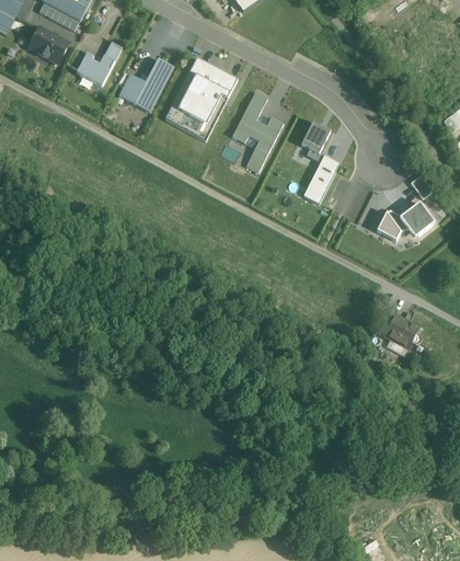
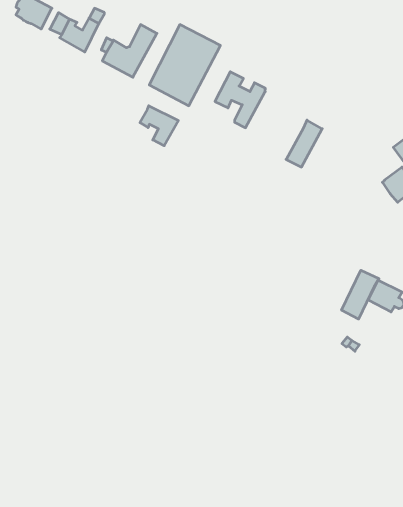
building: [301,122,330,161] -> none
building: none -> [140,106,178,146]
building: [377,208,407,239] -> none
building: none -> [342,270,379,319]

